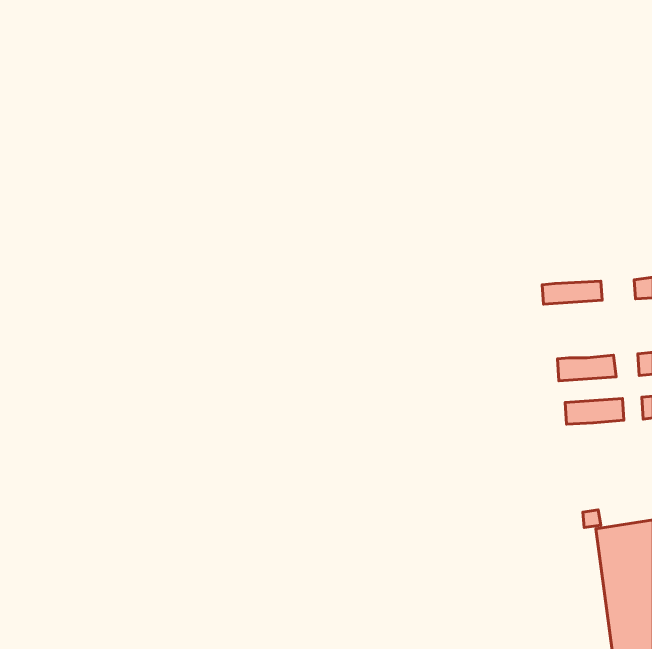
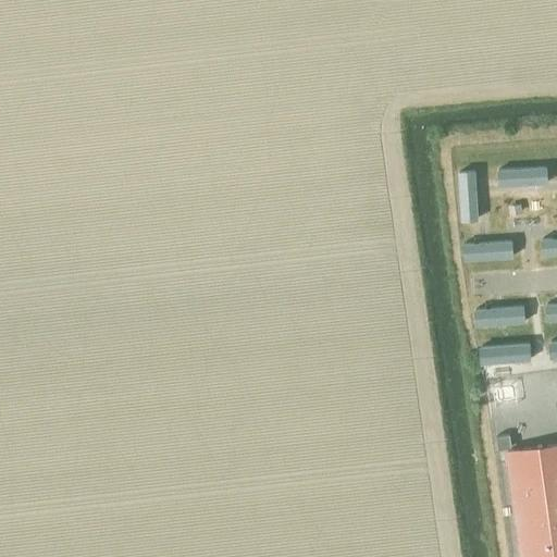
building: none -> [496,166,548,188]
building: none -> [457,171,479,223]

